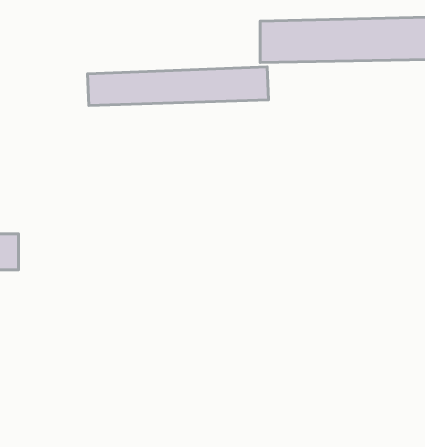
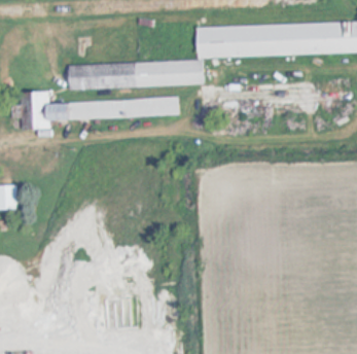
building: none -> [22,92,180,130]

